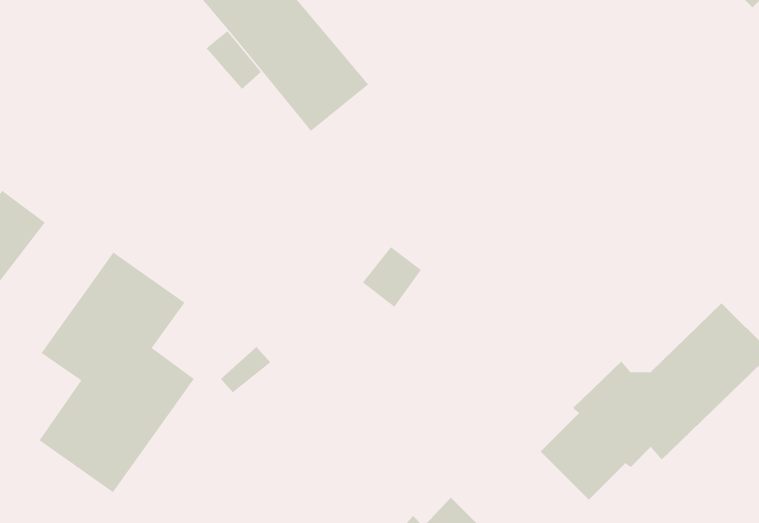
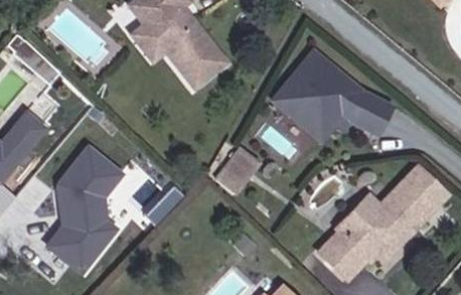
building: none -> [266,47,394,146]

